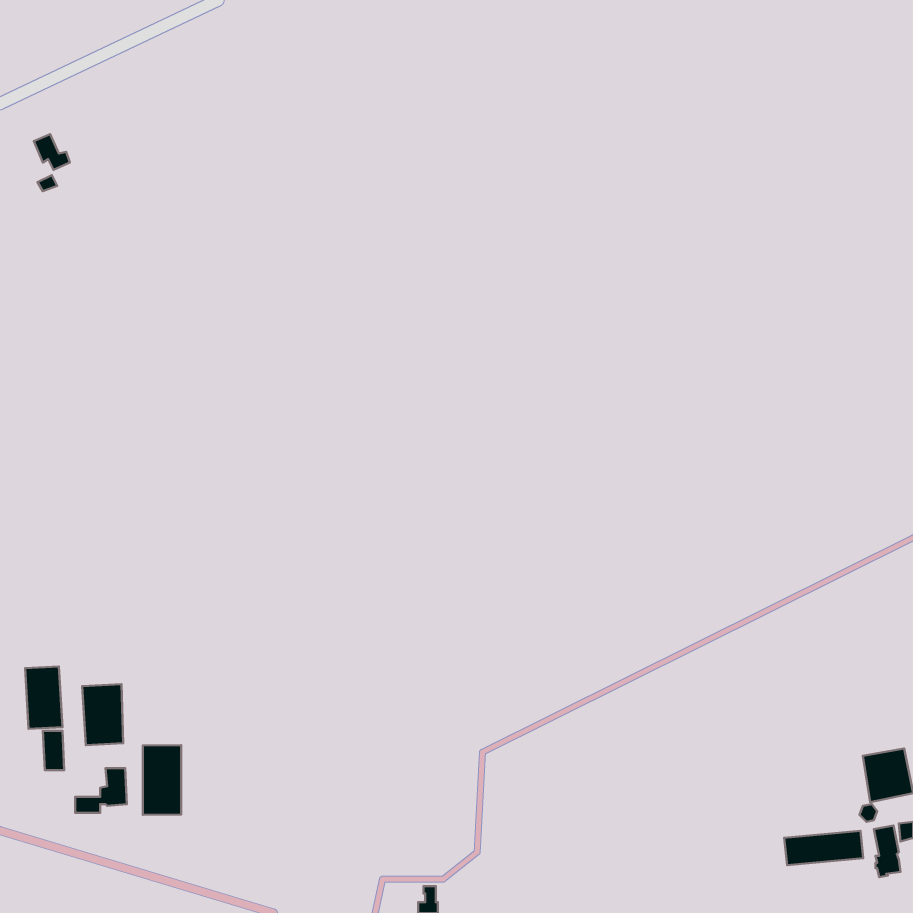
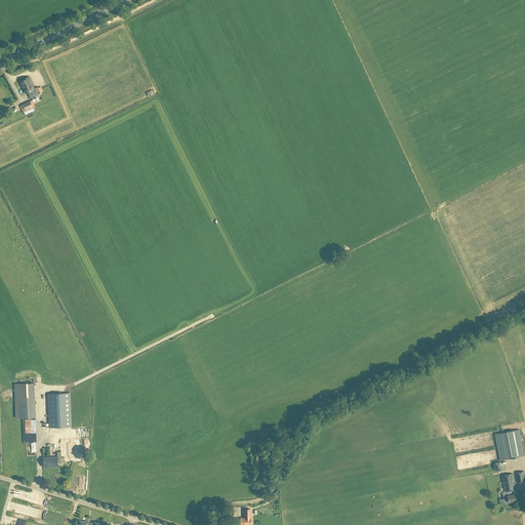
building: [143,745,181,815] -> none
building: [784,831,863,865] -> none

